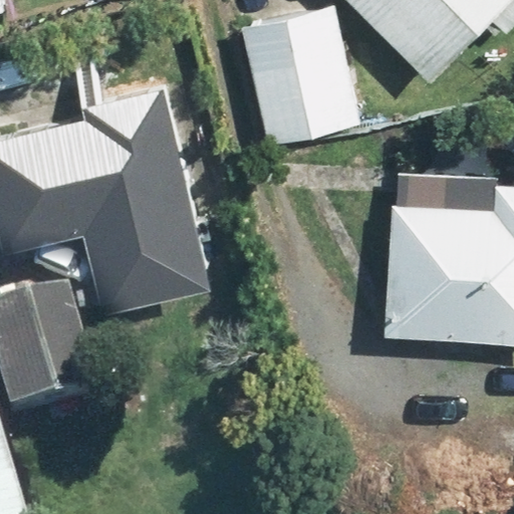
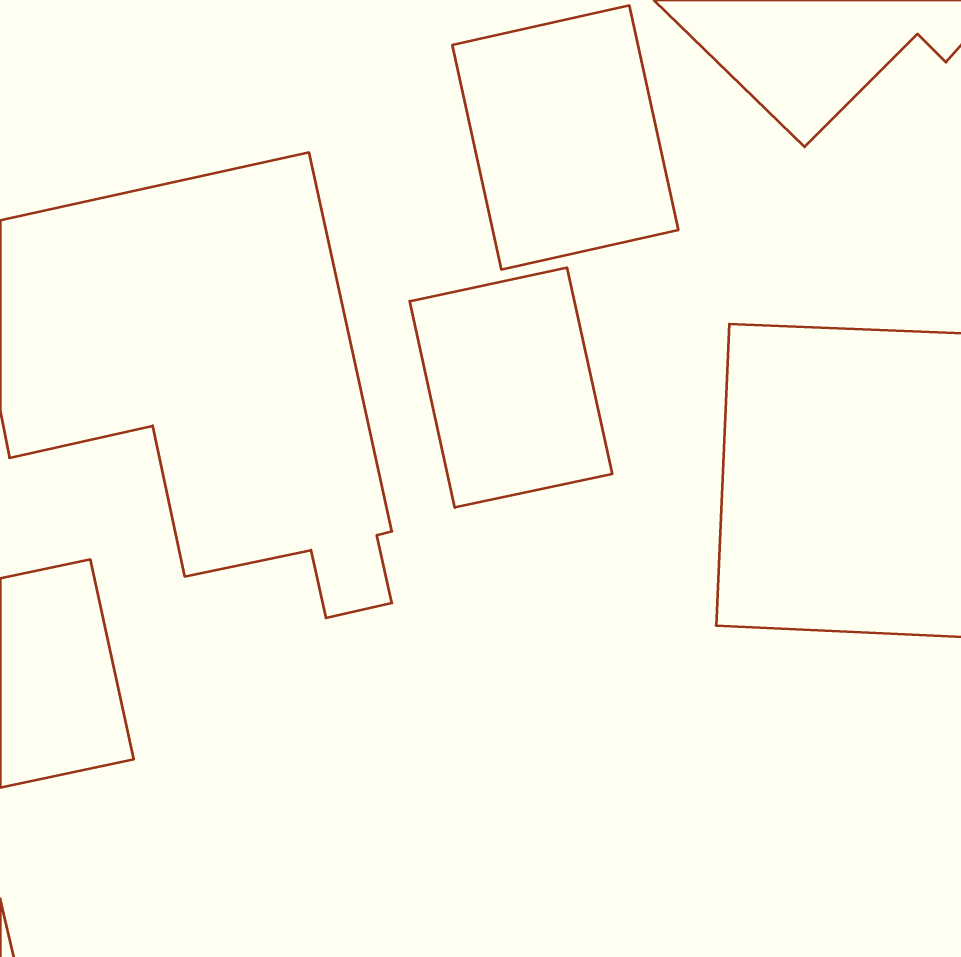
building: none -> [410,268,612,508]

